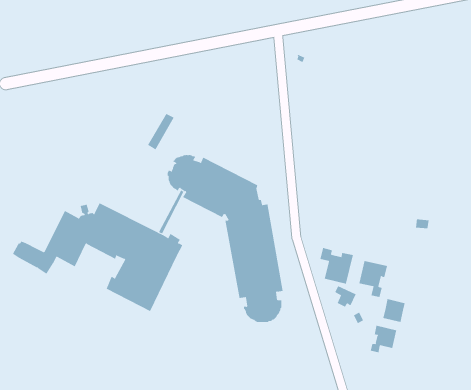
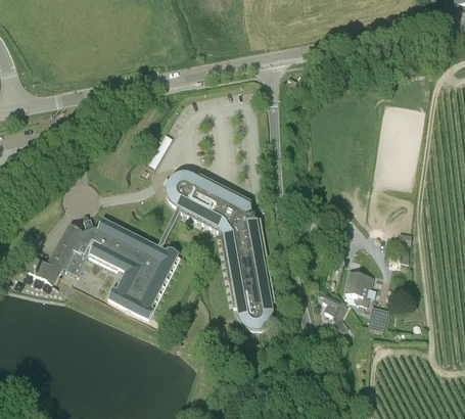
building: [320,247,354,285] -> none
building: [370,325,397,353] -> none

